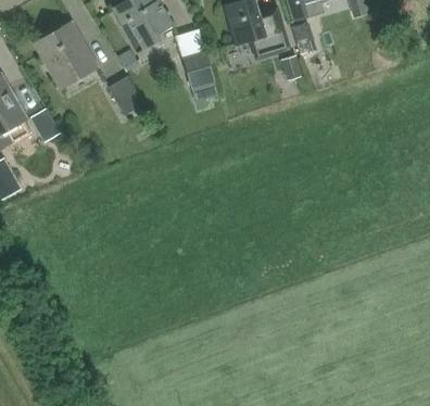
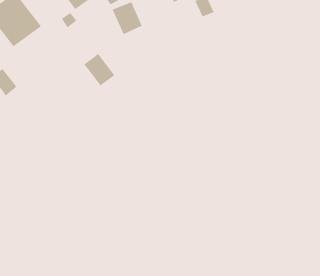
building: [108,76,143,115] -> [83,53,115,86]

